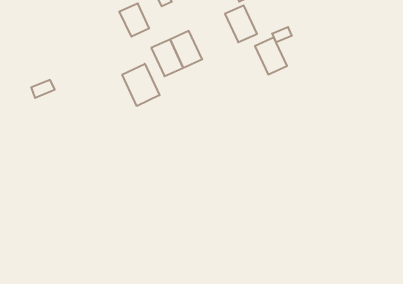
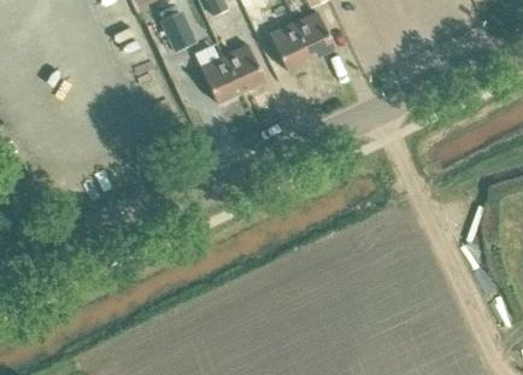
building: [255,38,287,74] -> [270,23,311,70]
building: [122,64,160,106] -> none

